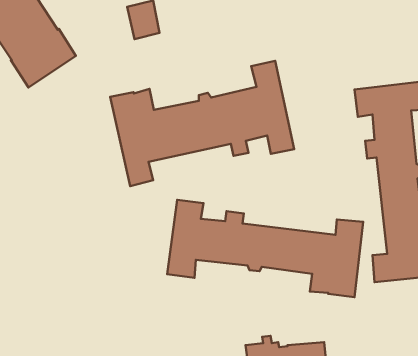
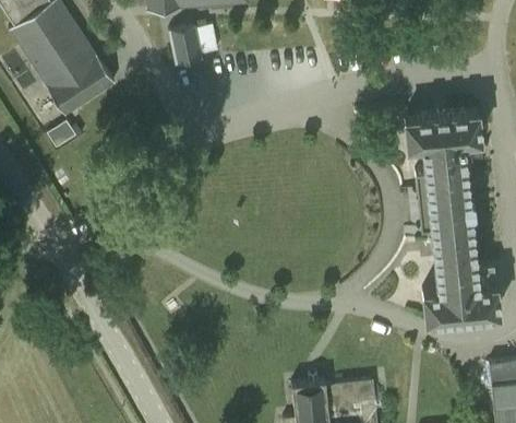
building: [110,61,294,186] -> none
building: [167,200,363,297] -> none

